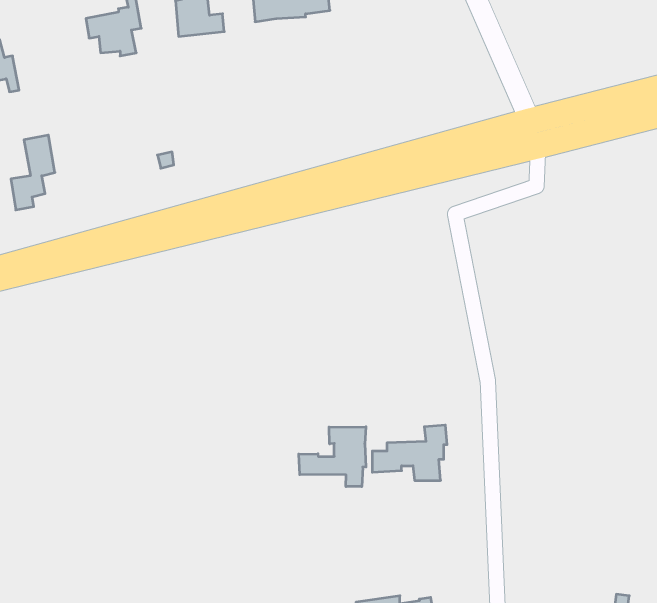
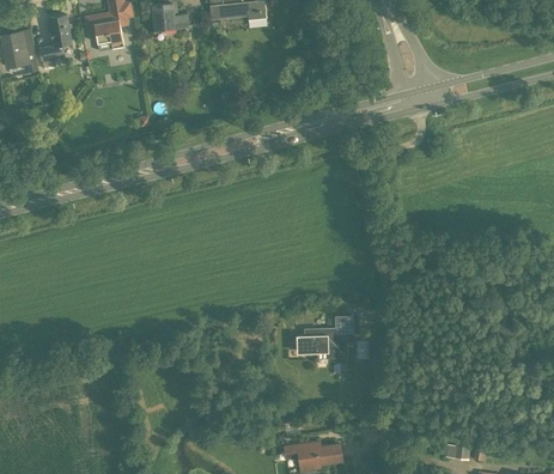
building: [11,135,55,210] -> [38,14,71,69]
building: [299,427,366,487] -> none

